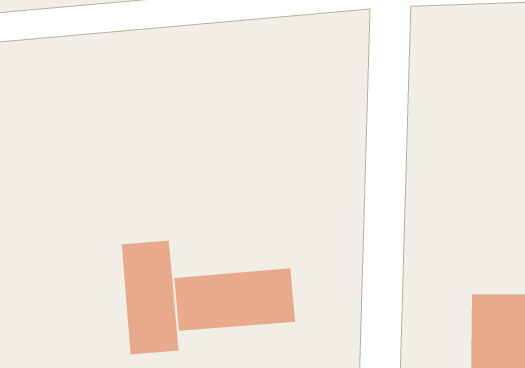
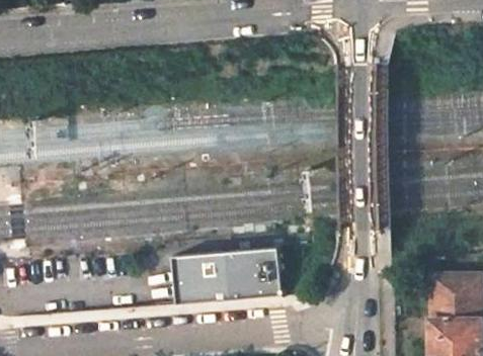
building: [121,240,179,355] -> none

